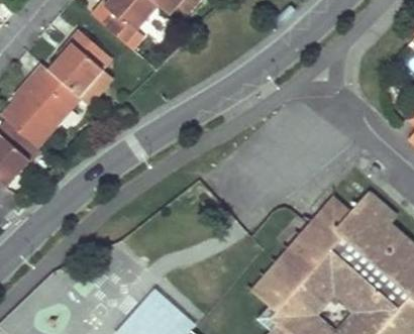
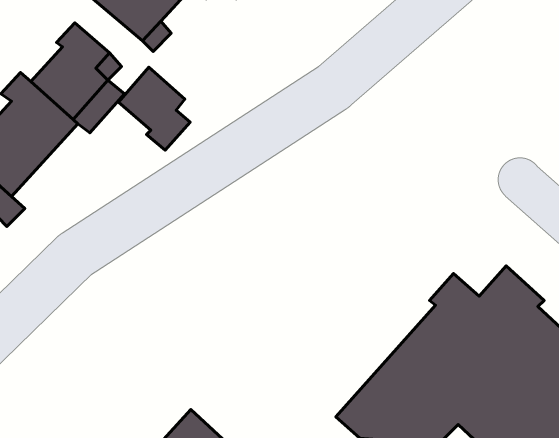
building: none -> [118,67,190,150]

